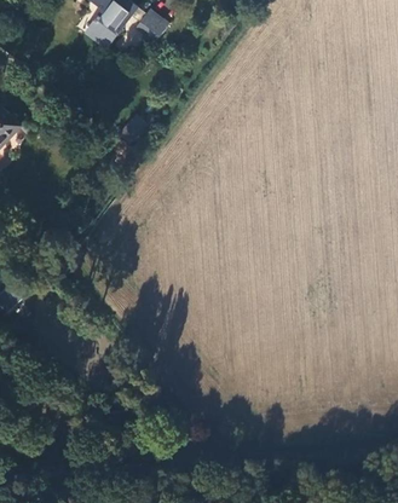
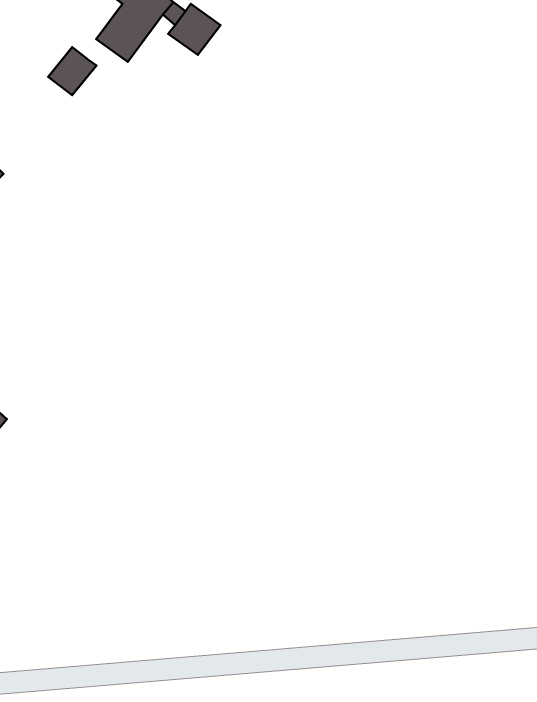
building: none -> [48,47,96,95]

